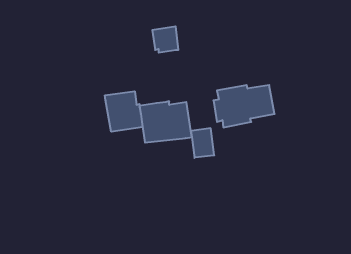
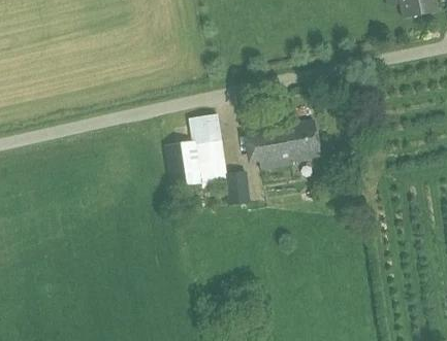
building: [152,26,178,53] -> [192,113,222,143]
building: [105,91,142,132] -> none

